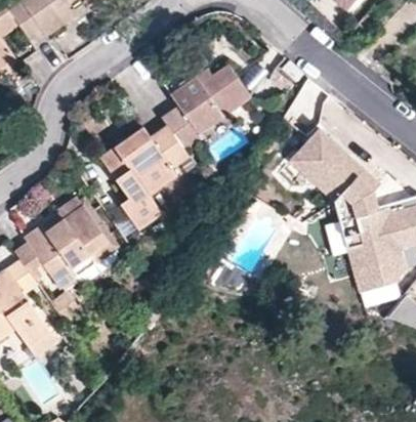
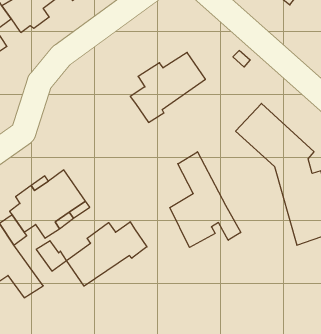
building: [100,125,189,228] -> none
building: none -> [170,152,241,247]
building: none -> [66,222,147,286]

